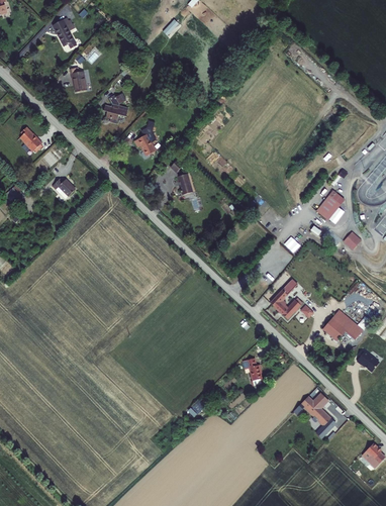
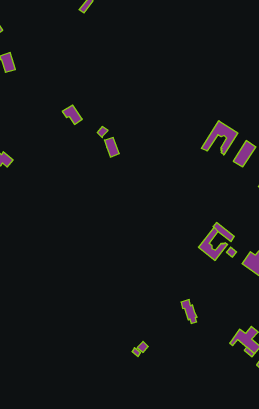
building: [103,93,128,123] -> none
building: none -> [201,121,238,155]

